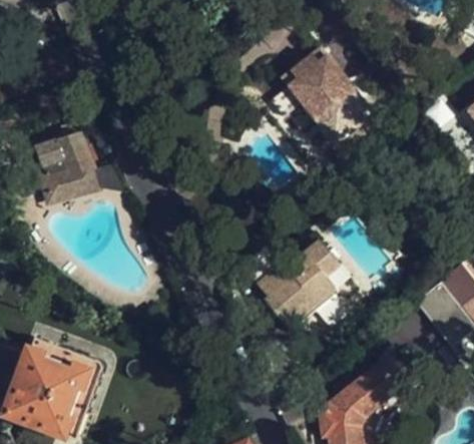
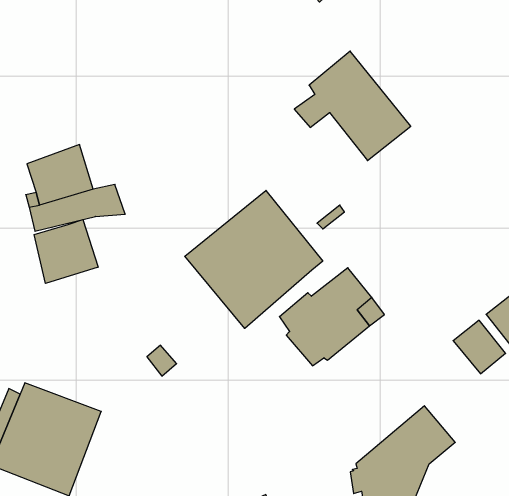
building: none -> [185,190,323,328]
building: none -> [34,220,98,283]

